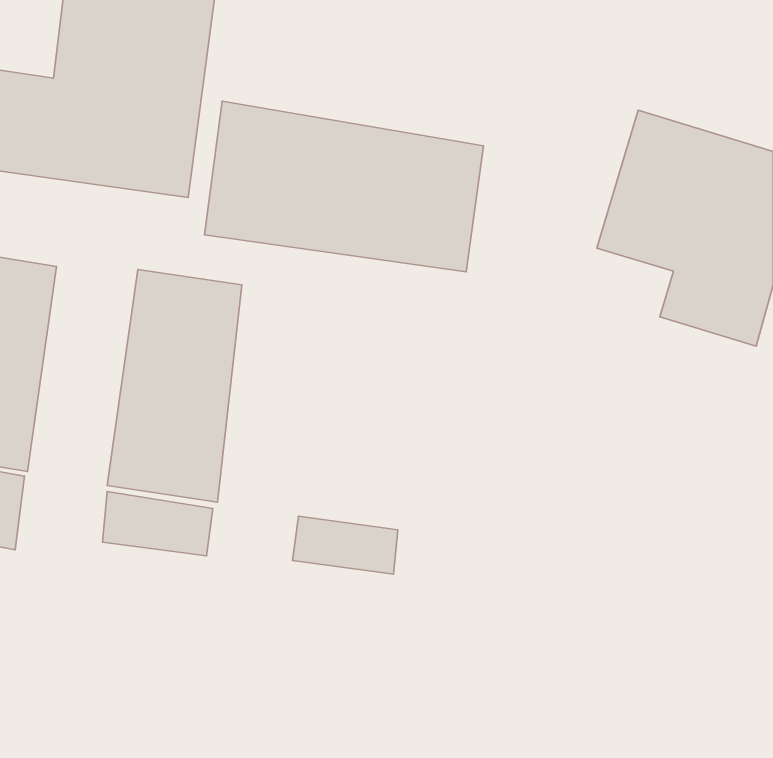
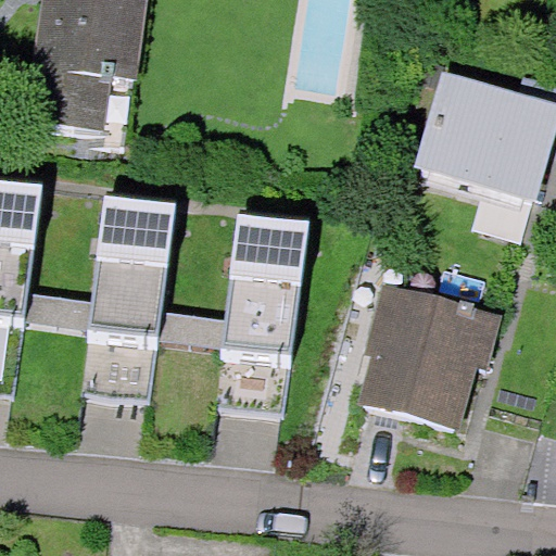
building: [205,101,484,272] -> none
building: none -> [213,208,304,369]
building: none -> [356,283,504,425]

